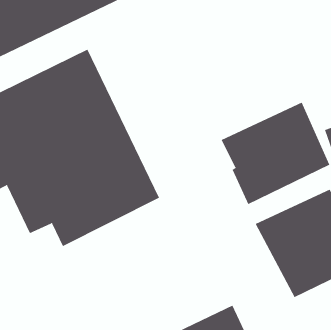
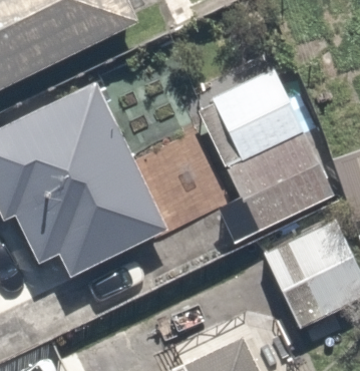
building: none -> [199,68,305,168]

